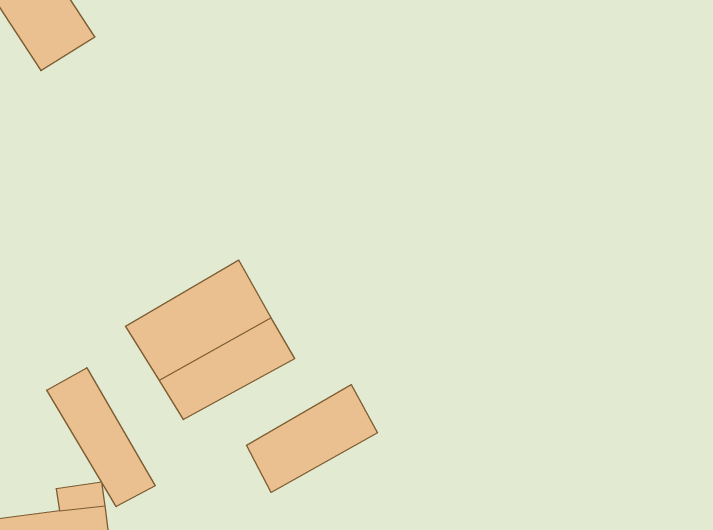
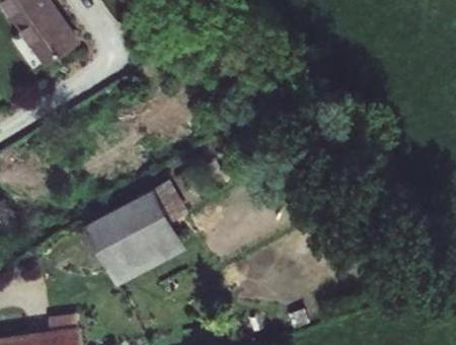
building: [47,368,155,507] -> none
building: [246,385,377,492] -> none

